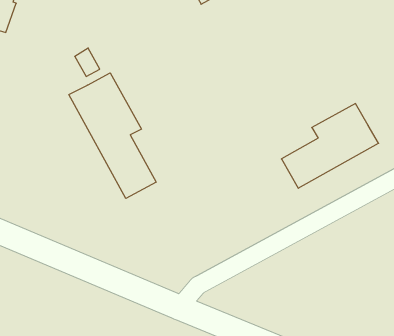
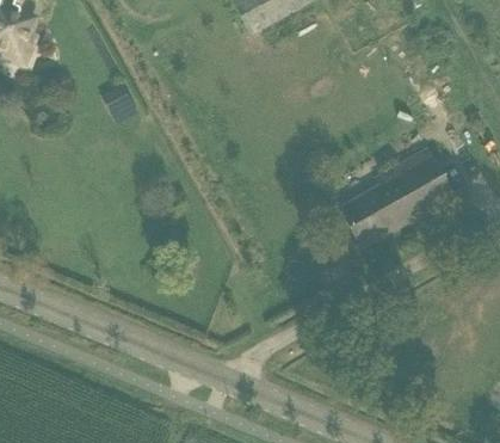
building: [69,73,156,198] -> none

